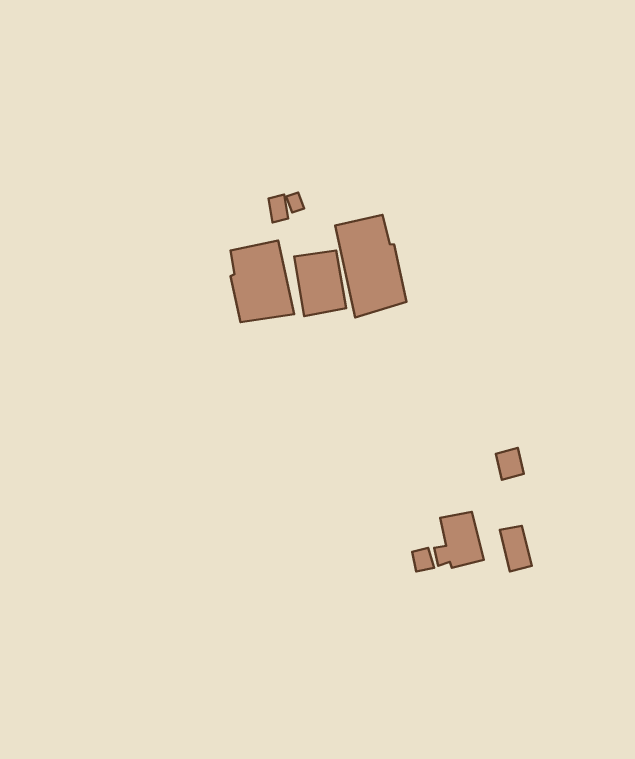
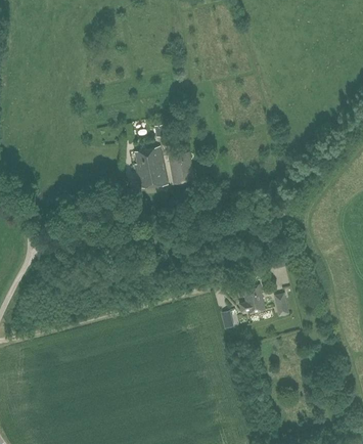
building: [335,215,407,317] -> none

